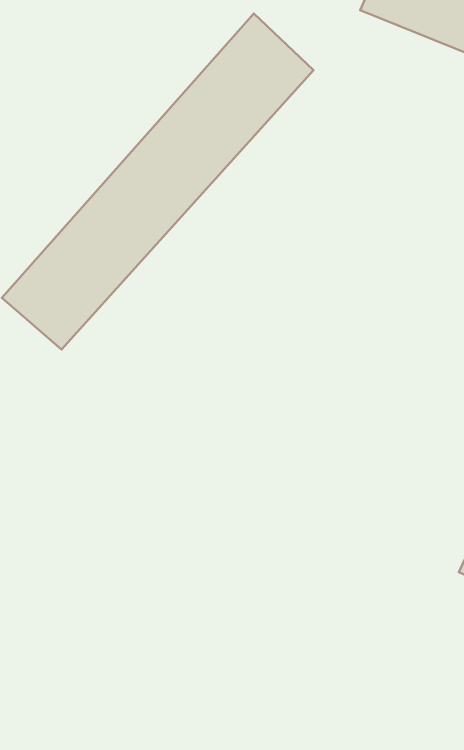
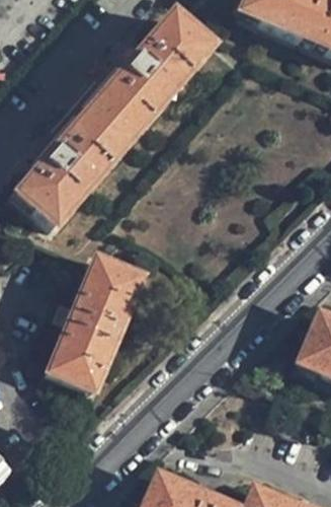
building: none -> [49,260,141,389]

